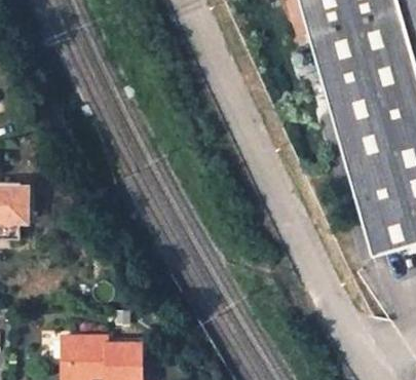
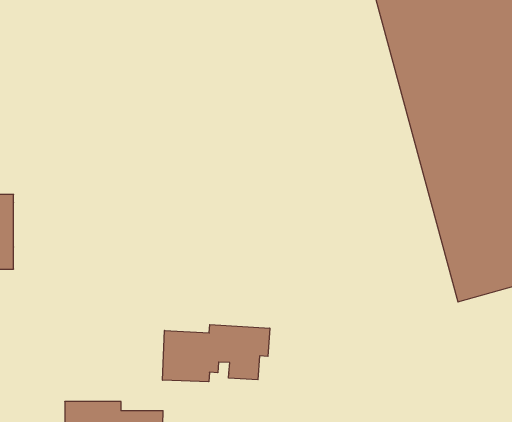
building: none -> [163,325,270,382]

